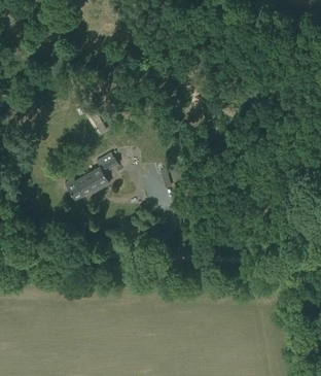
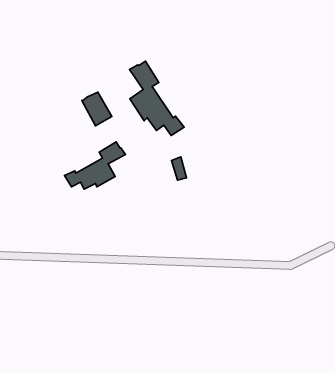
building: none -> [129,61,184,135]

